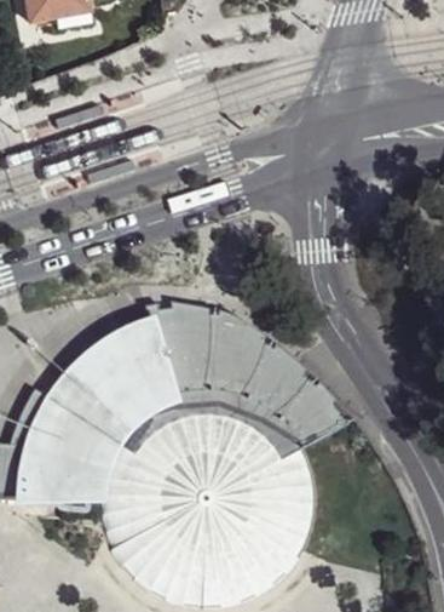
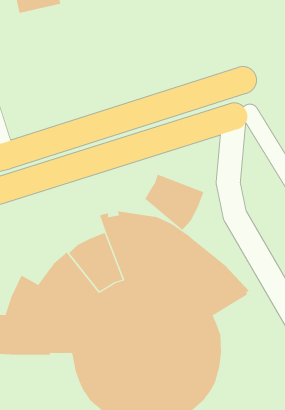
building: none -> [144,174,204,231]

